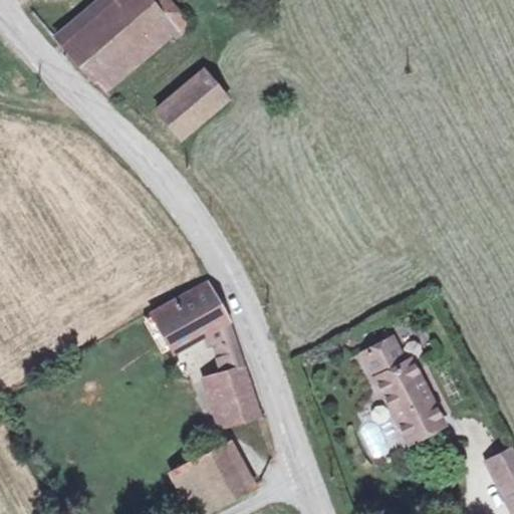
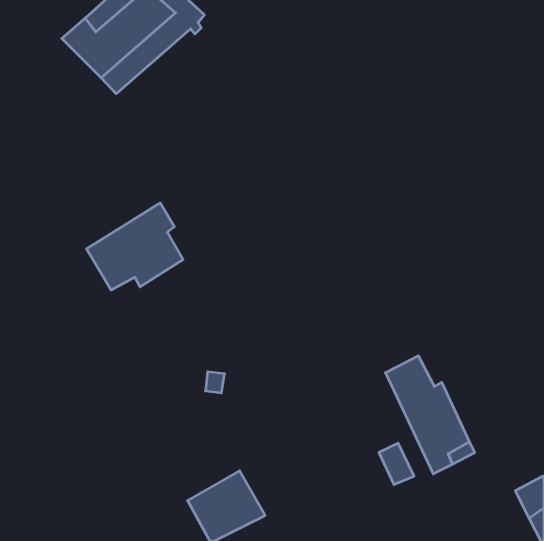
building: [161,72,229,137] -> none
building: none -> [87,203,183,290]
building: [144,278,261,422] -> none

